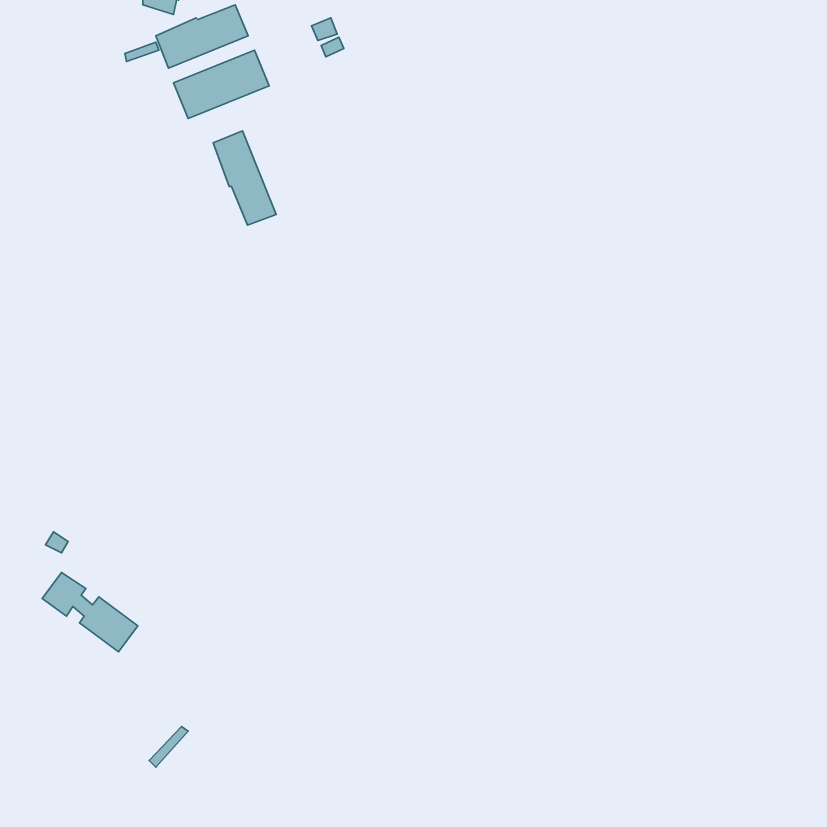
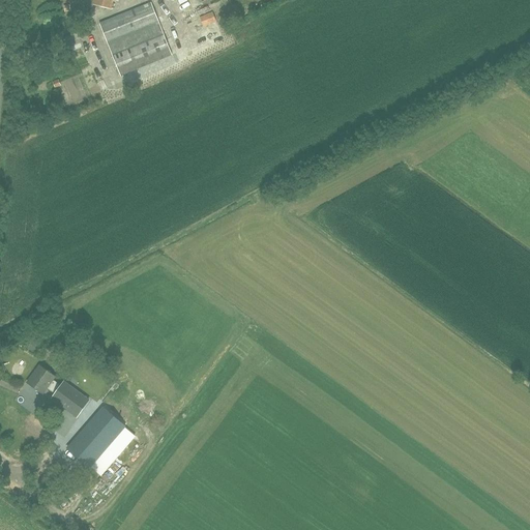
building: [213,131,276,225] -> none
building: none -> [67,404,127,465]

